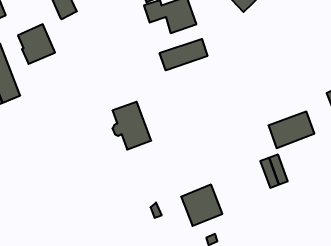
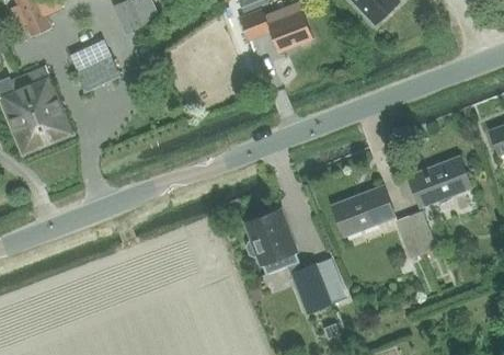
building: [160,39,207,70] -> none
building: [112,102,151,150] -> [247,209,299,274]
building: none -> [332,186,394,236]

